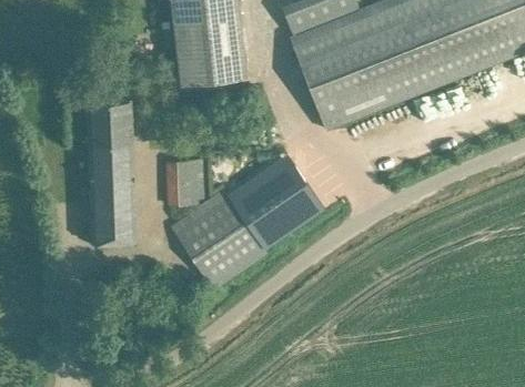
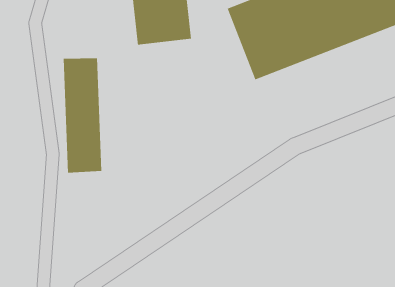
building: [165,161,205,204] -> none
building: [172,162,324,287] -> none

